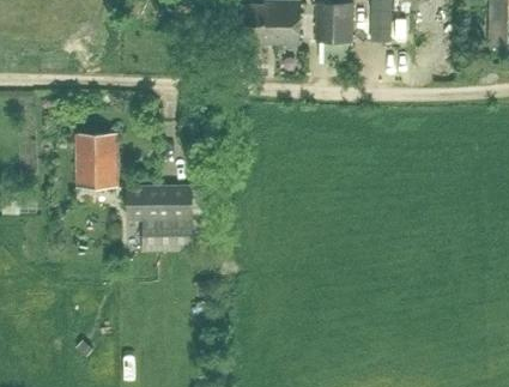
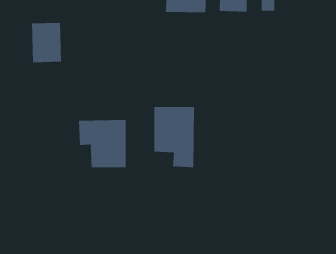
building: [77,134,117,188] -> [31,22,62,63]
building: none -> [154,106,195,168]

